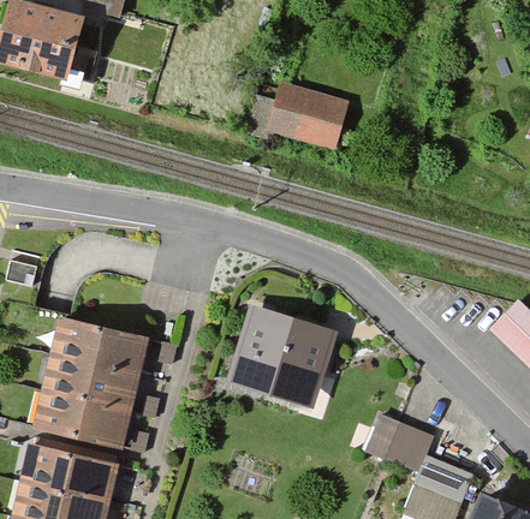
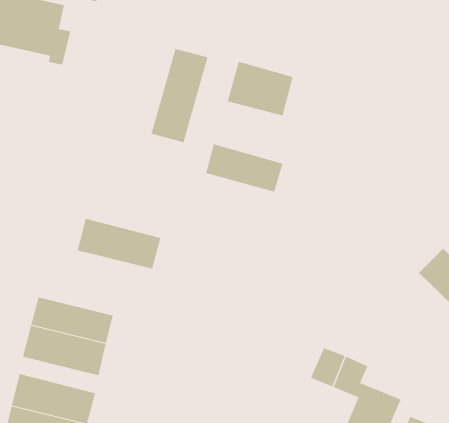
building: none -> [151,48,208,143]
building: none -> [205,144,283,193]
building: [230,305,337,406] -> none
building: [50,318,148,377] -> [77,218,161,269]

